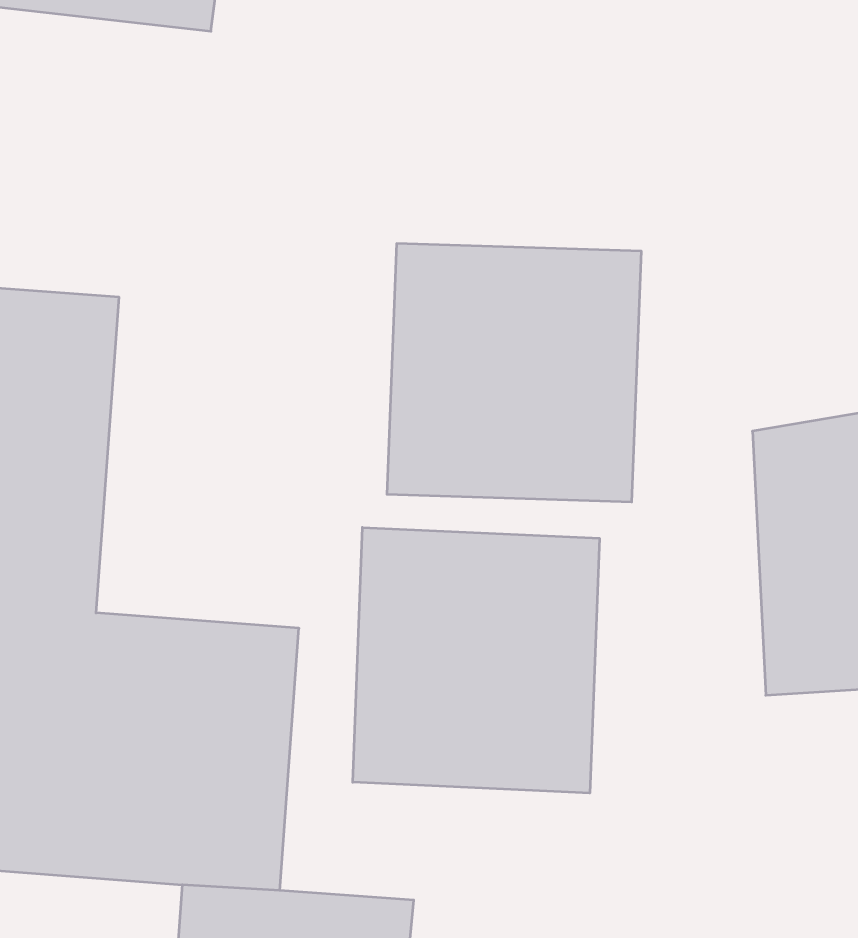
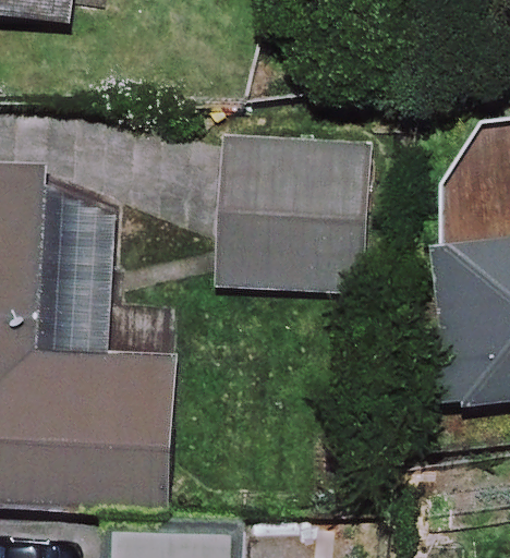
building: [353,527,599,793] -> none

